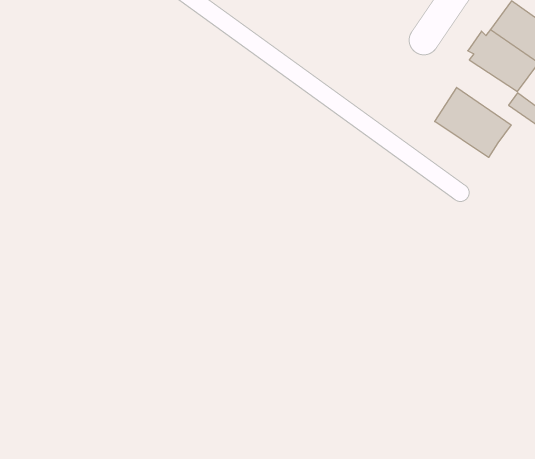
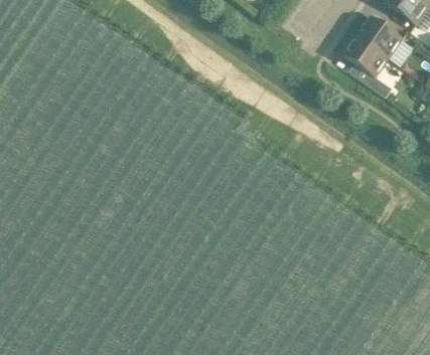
building: [435,87,511,157] -> none

